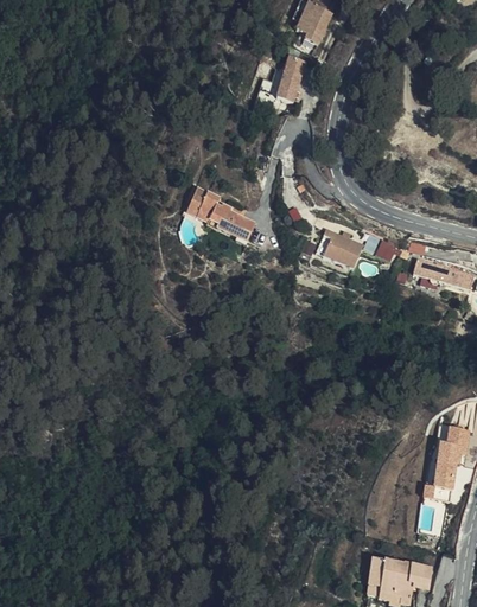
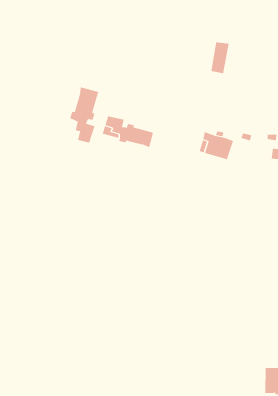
building: [278,57,309,102] -> [210,42,229,74]
building: none -> [69,87,99,143]

